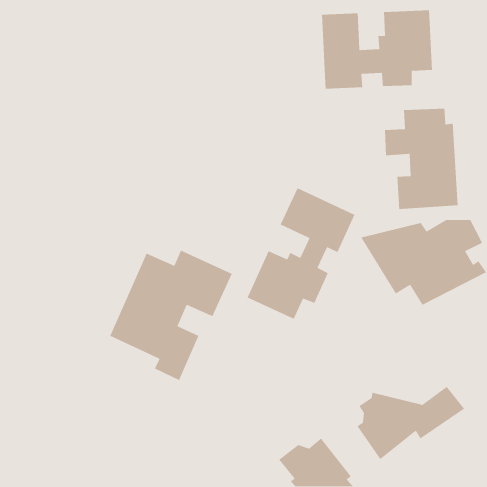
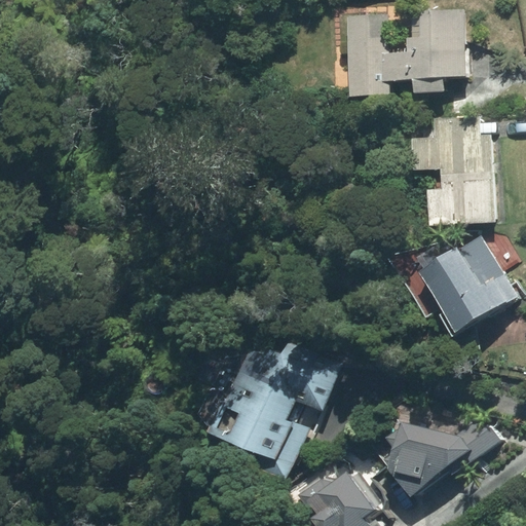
building: [247,187,356,320] -> none
building: [109,250,233,381] -> [210,337,343,479]

